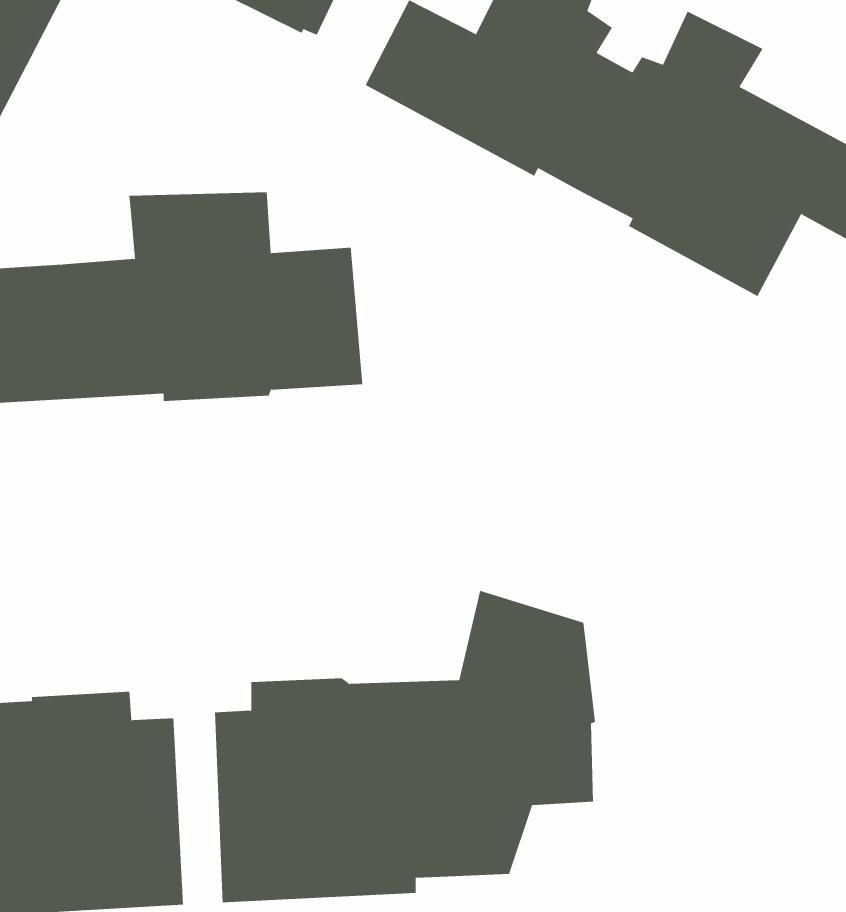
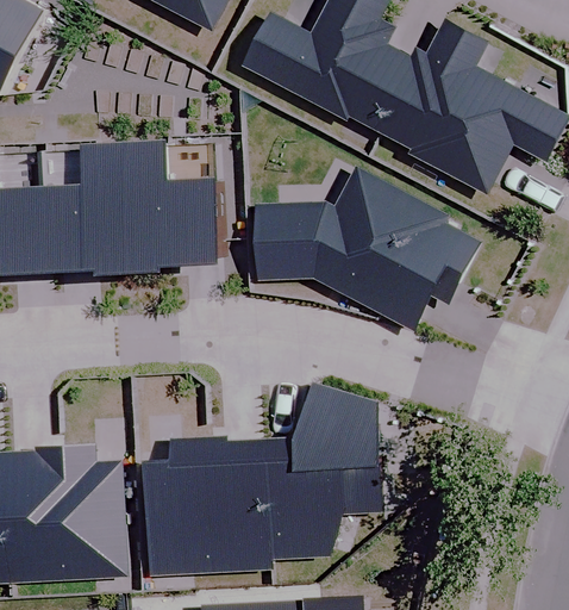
building: none -> [251,163,481,334]

